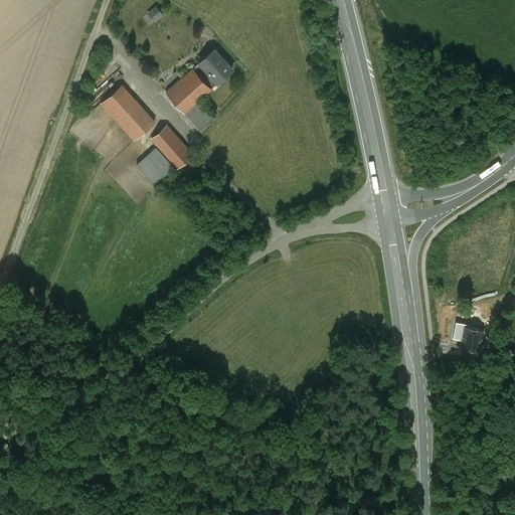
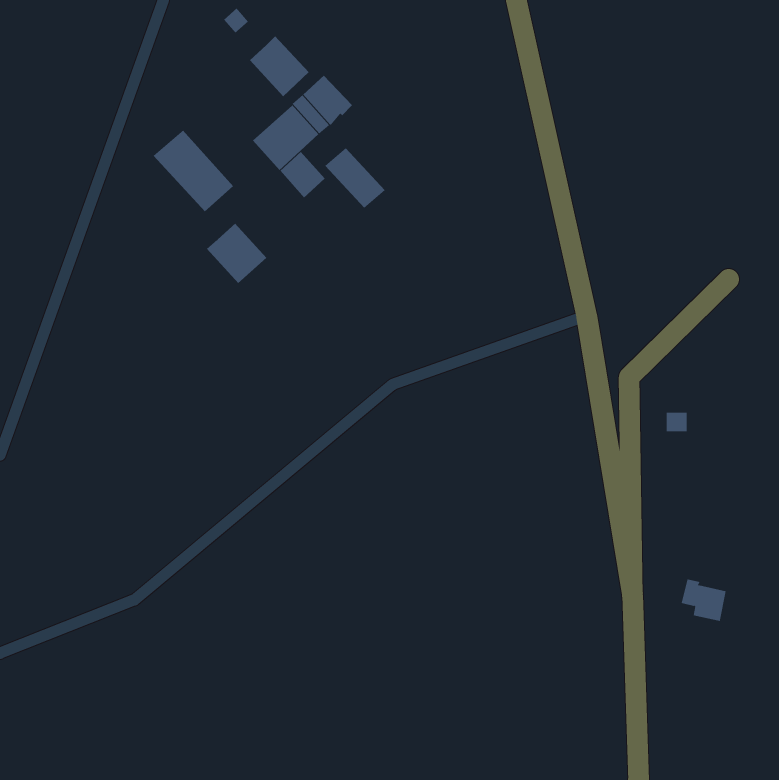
building: none -> [249,35,309,97]
building: [151,127,191,167] -> [325,147,386,209]
building: [454,323,484,351] -> [681,579,726,622]

